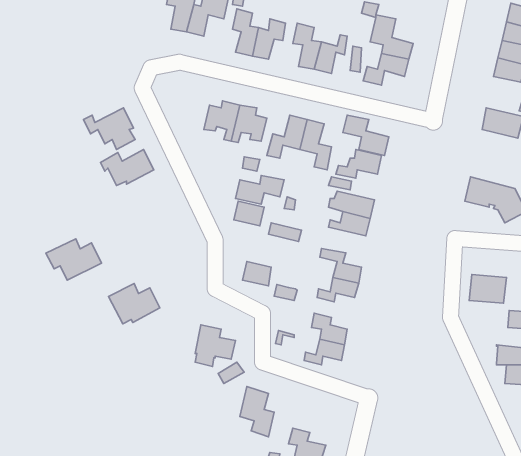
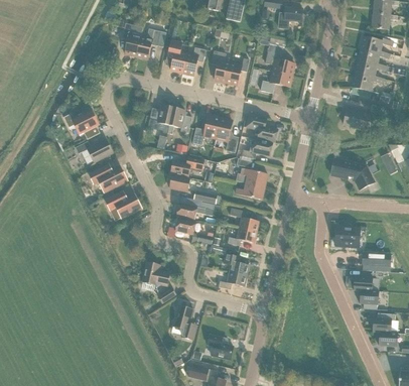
building: none -> [176,201,220,219]
building: [46,239,102,280] -> [88,162,127,191]
building: [108,284,160,324] -> [105,190,141,219]

